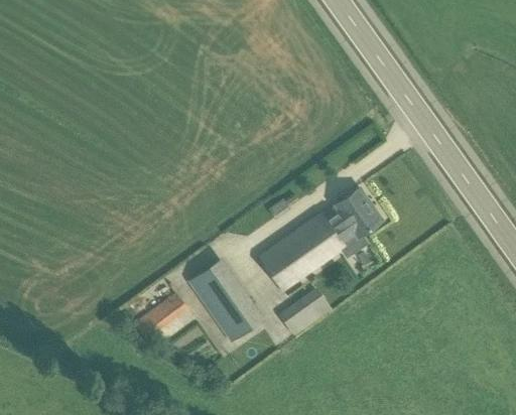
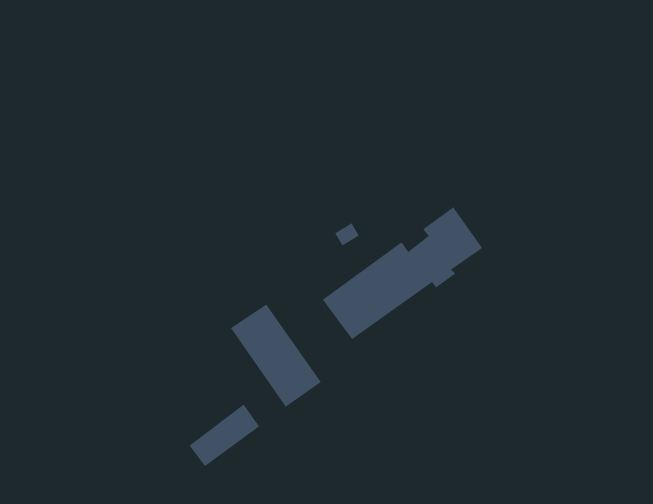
building: [280,291,332,336] -> none
building: [132,293,185,340] -> [188,403,260,467]

